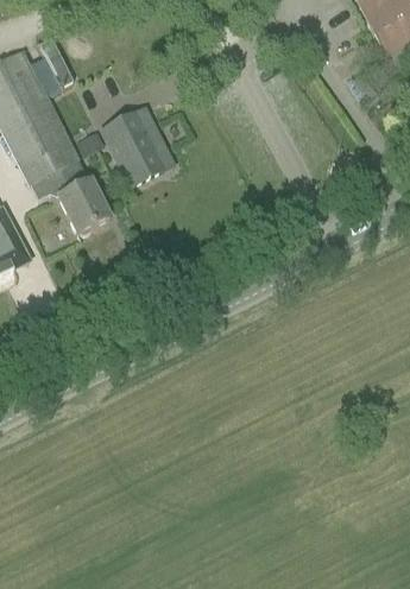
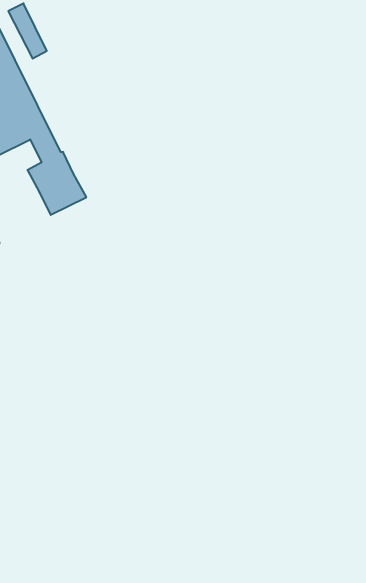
building: [103,114,164,185] -> none

